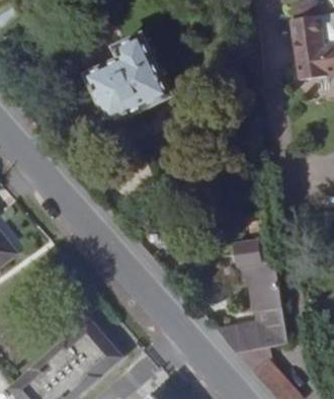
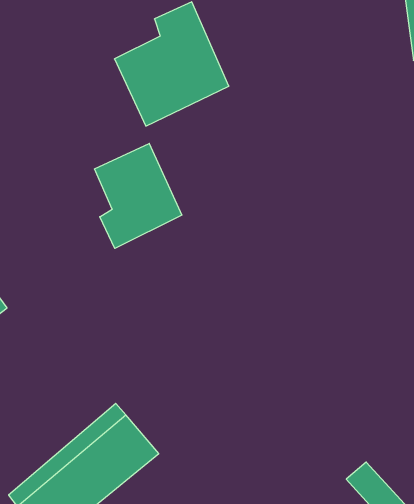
building: none -> [95,143,182,248]
building: [212,240,283,354] -> none

